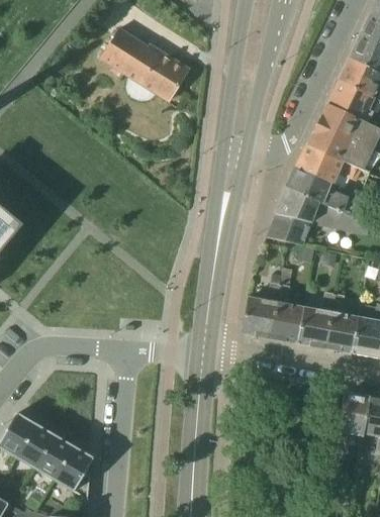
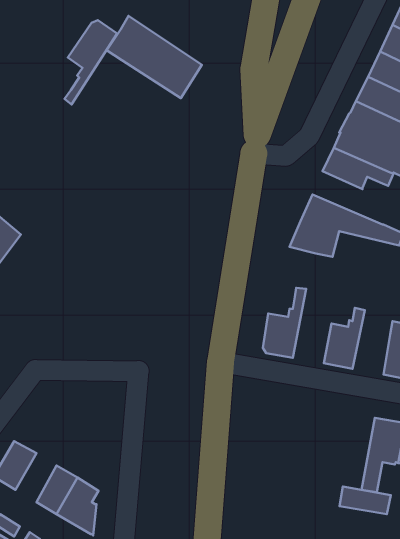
building: none -> [65,20,117,104]
building: [288,168,362,216] -> none
building: [270,267,305,343] -> none
building: [324,294,359,352] -> none
building: [17,424,55,469] -> none
building: none -> [340,486,391,514]

